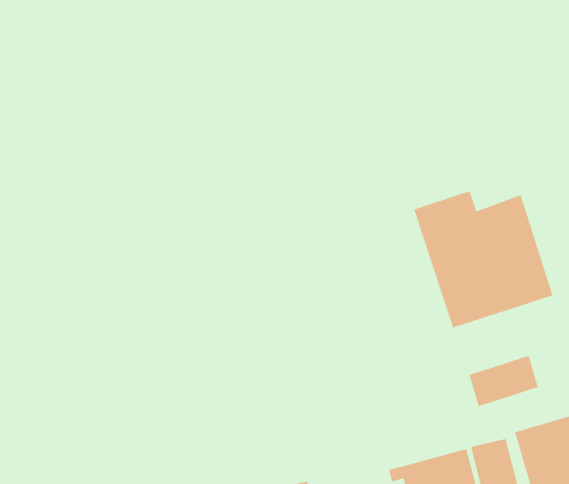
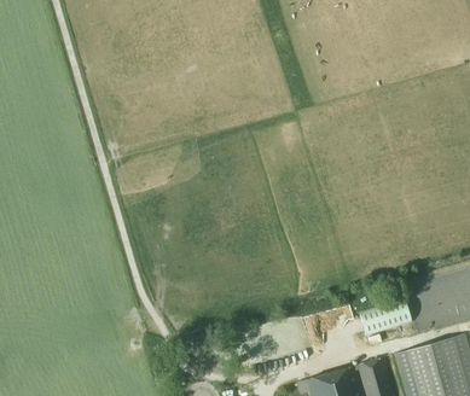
building: [413,190,554,329] -> none

